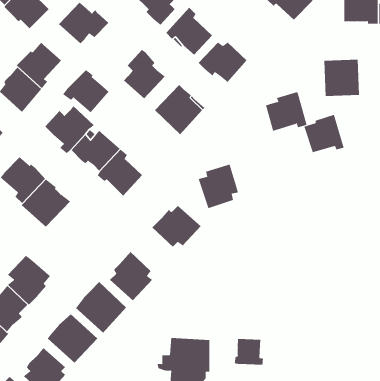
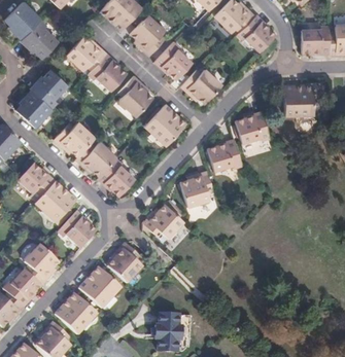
building: [62,69,110,113] -> [88,52,127,88]
building: [303,114,345,153] -> [208,137,242,169]
building: none -> [56,212,96,248]
building: [234,338,263,365] -> none

